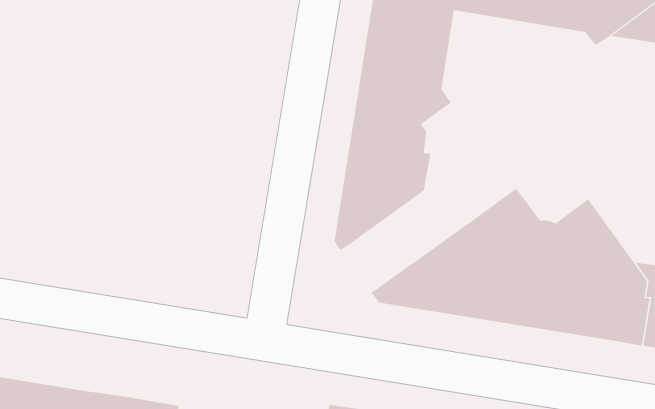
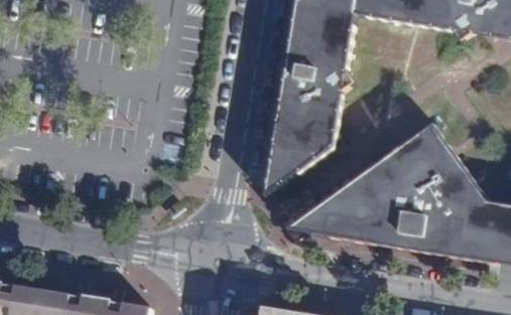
building: none -> [400,123,454,172]

